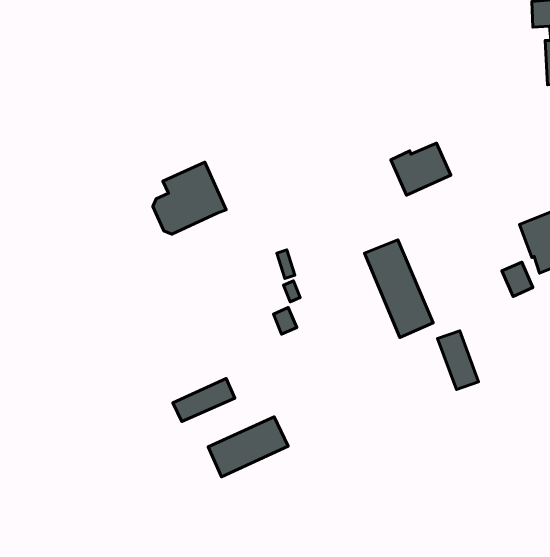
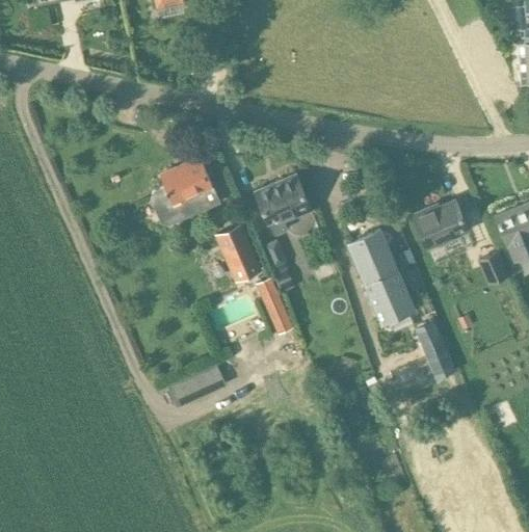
building: [391,143,451,195] -> [412,200,468,248]
building: none -> [254,174,312,235]
building: none -> [214,223,261,282]
building: [208,417,288,477] -> none

